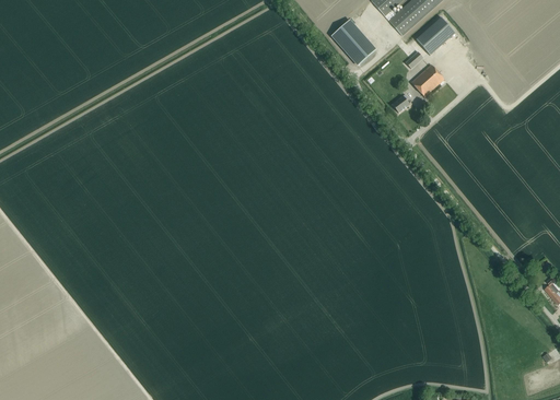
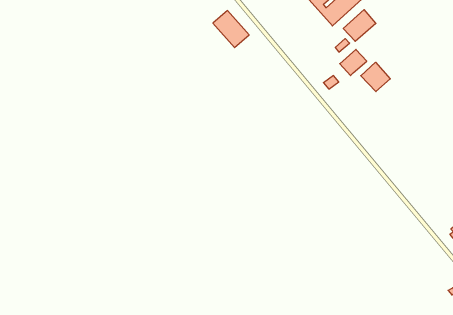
building: [331,20,375,64] -> [213,11,249,48]
building: none -> [361,62,390,92]

